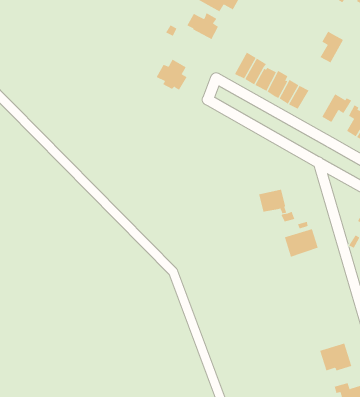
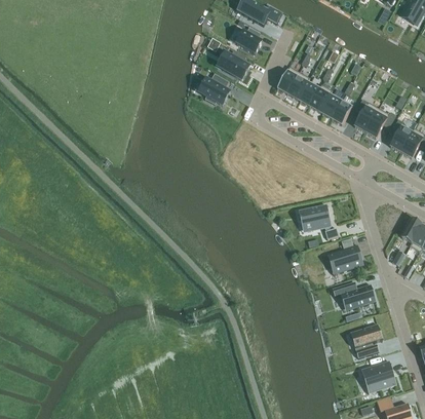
building: [320,31,344,63] -> [354,99,379,131]
building: none -> [221,50,249,79]
building: none -> [332,281,376,310]
building: none -> [351,323,383,357]

